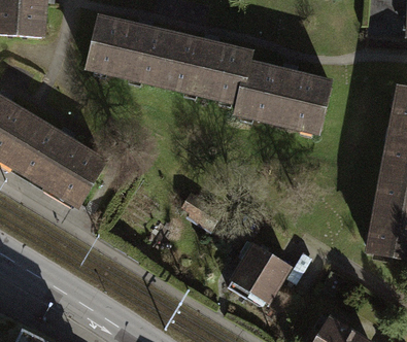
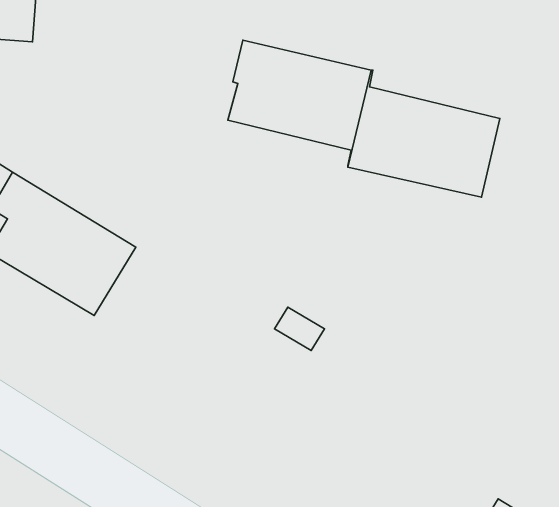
building: [88,18,171,83] -> none
building: [229,240,290,301] -> none

